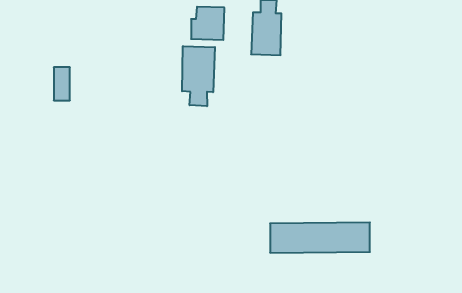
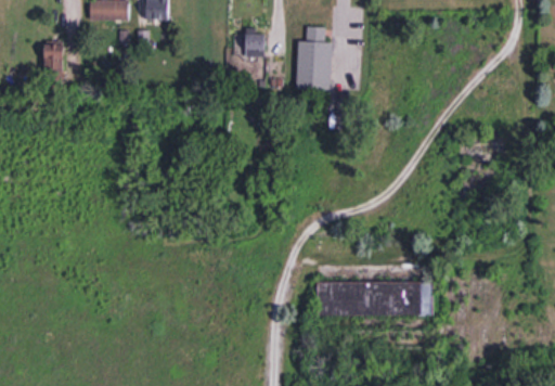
building: [182,46,215,106] -> none
building: [54,67,70,100] -> [46,43,64,81]

